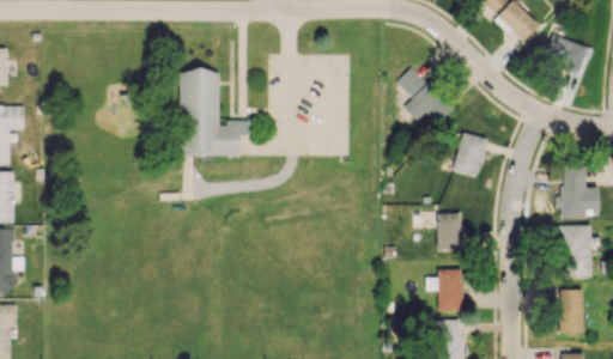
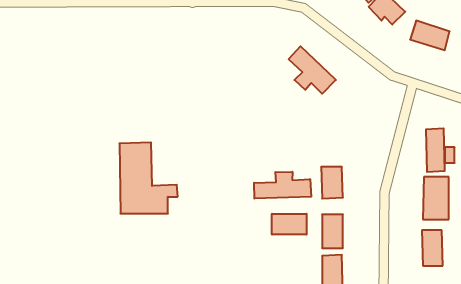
building: [181,69,251,156] -> [119,142,178,214]
building: [454,133,488,177] -> none
building: none -> [254,172,311,199]
building: none -> [272,214,307,235]

